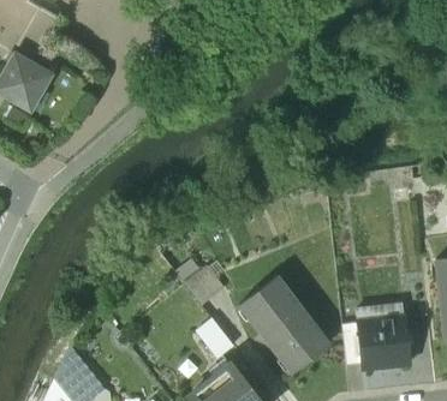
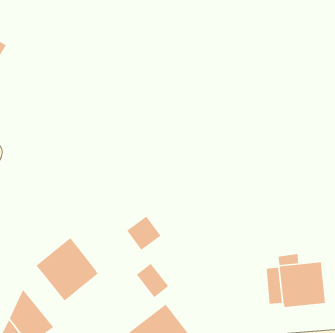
building: [240,276,329,372] -> none
building: none -> [35,237,99,301]

